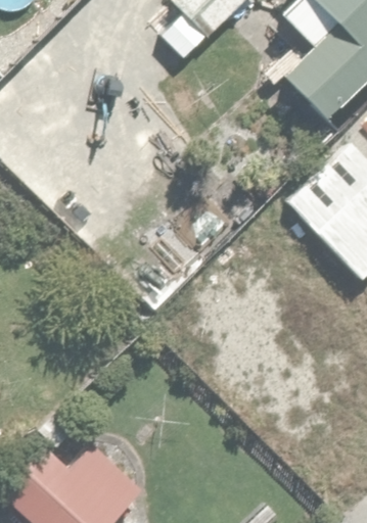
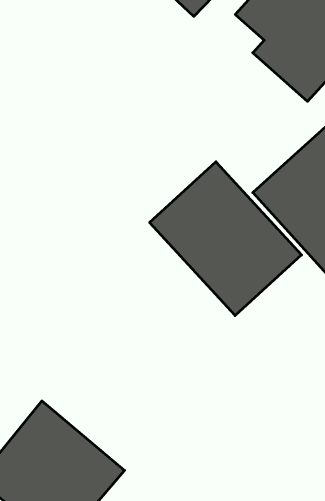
building: none -> [150,162,302,316]

